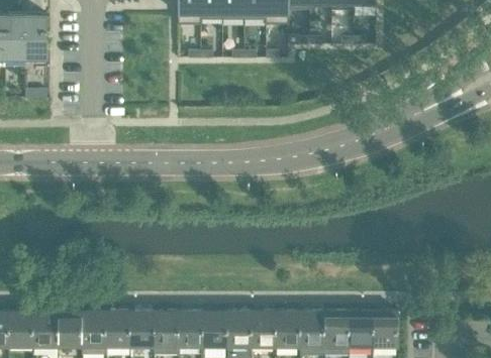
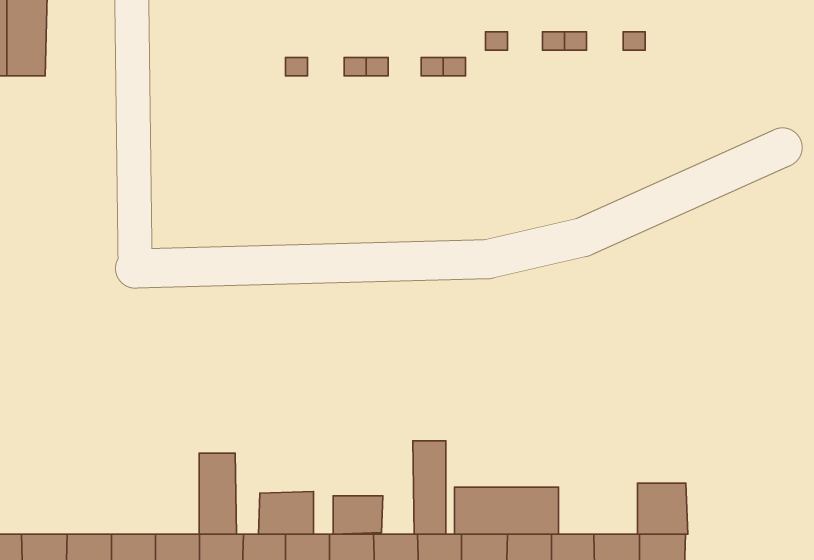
building: none -> [413,441,446,534]
building: none -> [199,453,237,534]
building: none -> [638,483,688,534]
building: none -> [454,487,558,534]
building: none -> [258,492,313,534]
building: none -> [333,496,383,534]

